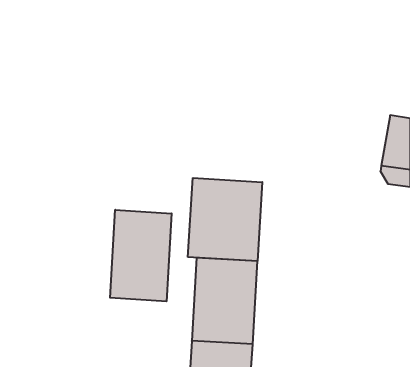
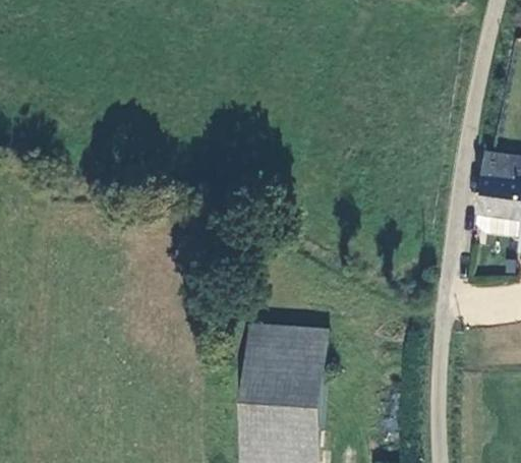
building: [188,178,262,261] -> none
building: [110,210,172,301] -> none

